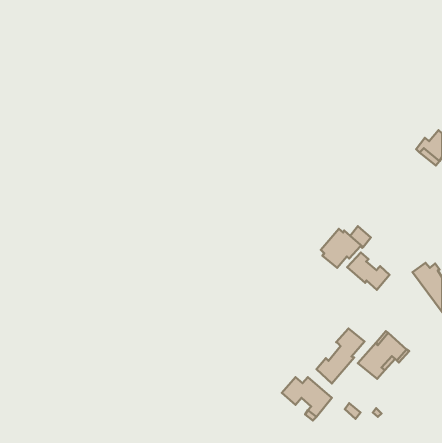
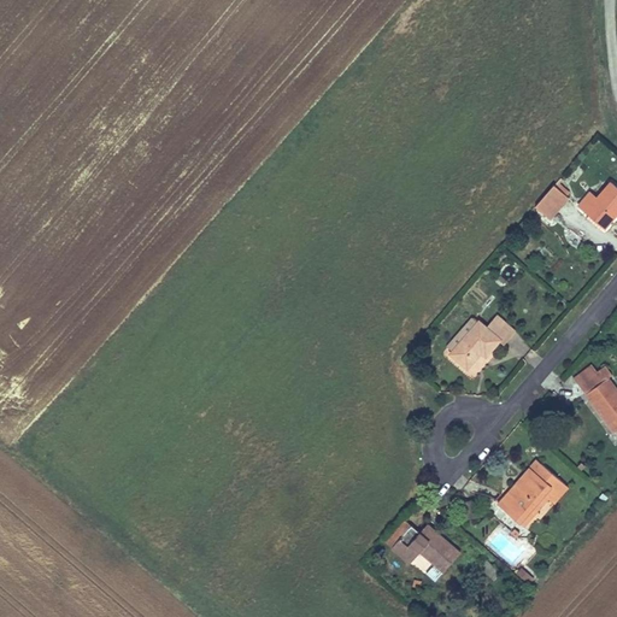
building: none -> [536,186,570,219]
building: [347,252,390,290] -> none
building: [317,328,365,384] -> none

